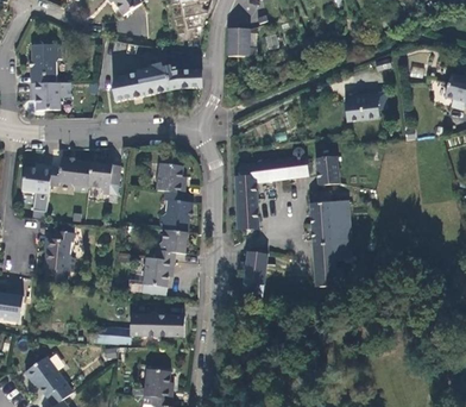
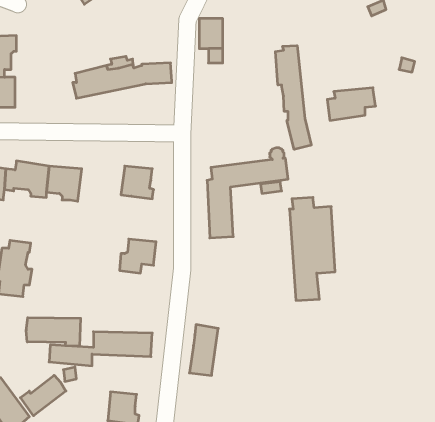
building: none -> [275,46,311,149]
building: [315,155,339,183] -> none
building: [158,189,191,231] -> none
building: [241,251,267,298] -> [189,325,218,375]
building: [143,256,174,286] -> none
building: none -> [26,318,81,346]
building: none -> [20,375,66,416]

